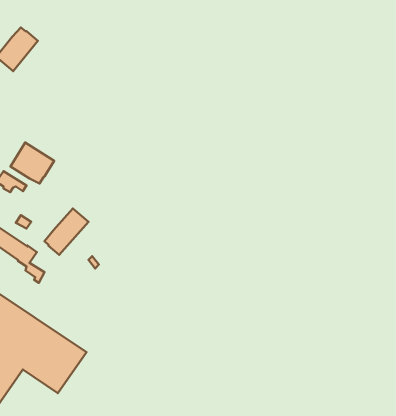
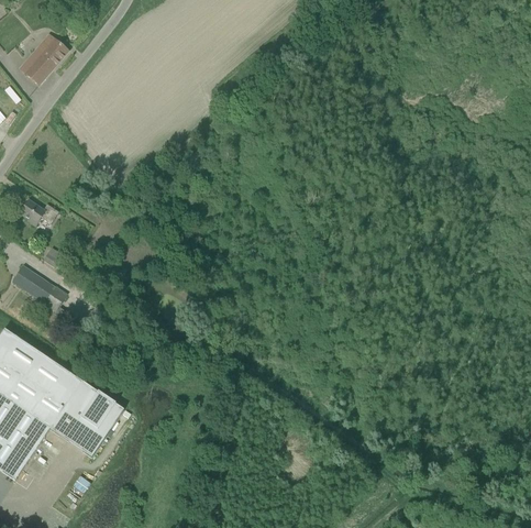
building: [11,143,54,184] -> none
building: [44,208,88,255] -> none

